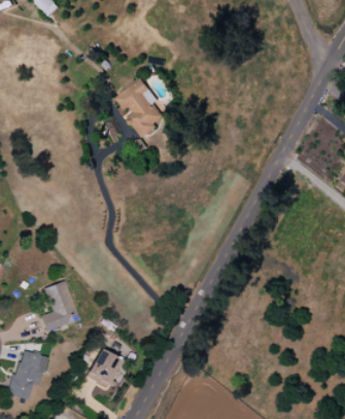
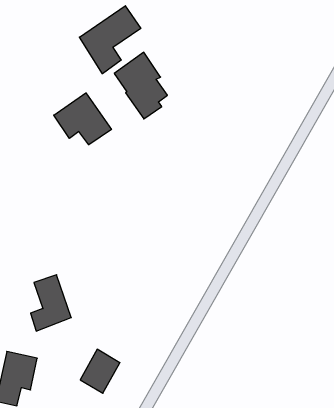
building: none -> [79,6,141,74]
building: none -> [54,93,111,145]

